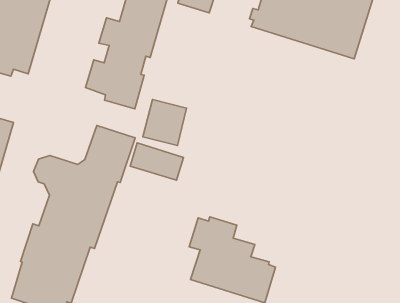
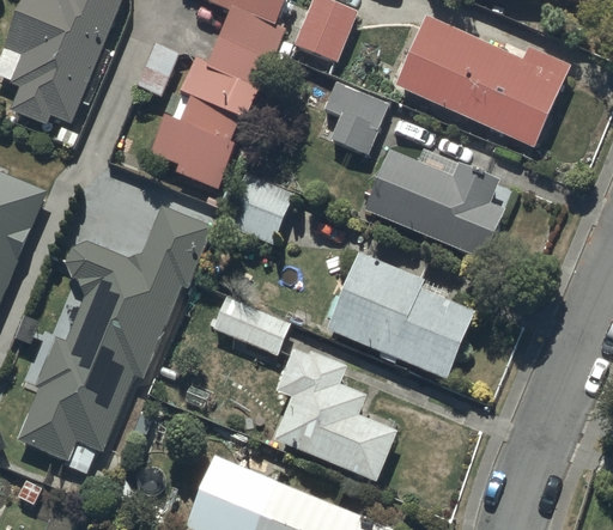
building: none -> [323,77,389,154]
building: none -> [364,147,505,258]
building: [130,143,183,180] -> [212,296,289,354]
building: none -> [326,250,475,378]

